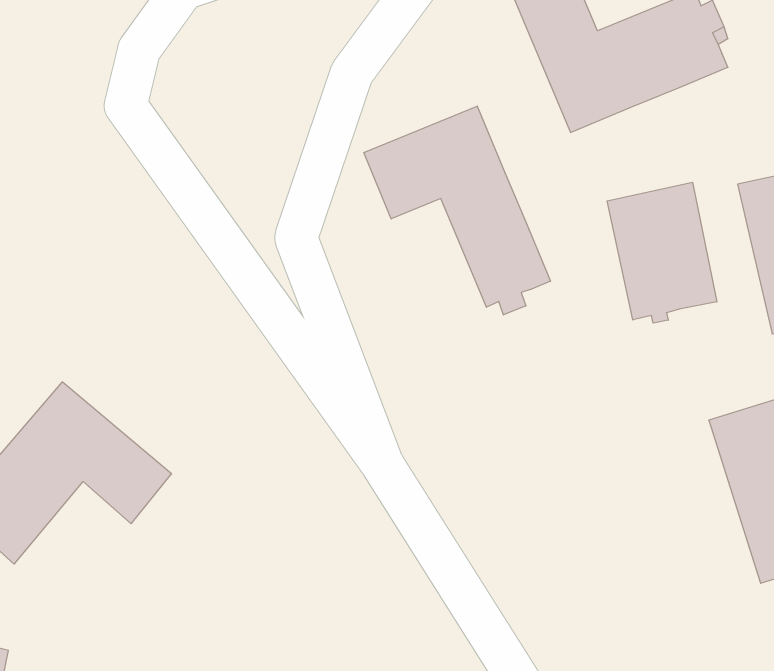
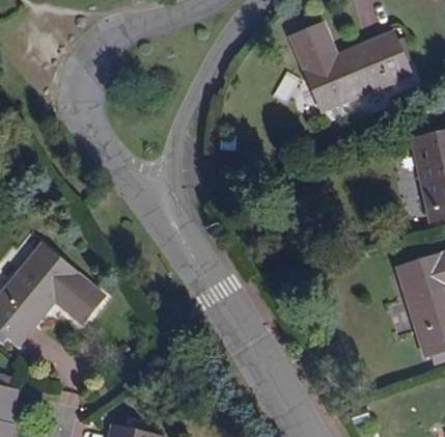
building: [364,106,550,315] -> none
building: [607,182,717,323] -> none

